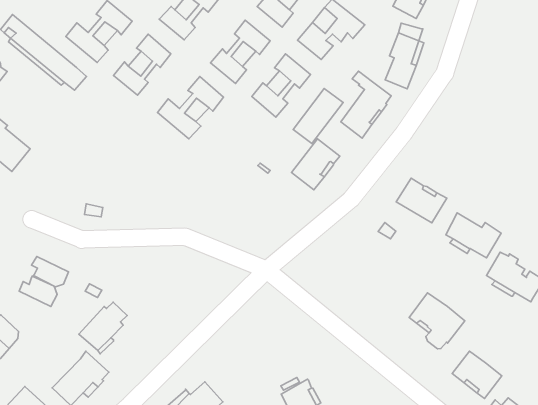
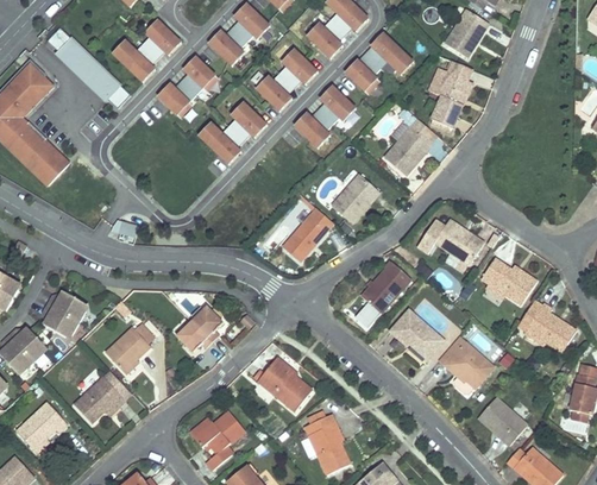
building: [293,88,343,144] -> [281,207,333,262]
building: none -> [360,262,410,314]
building: [32,256,69,287] -> [40,304,77,336]
building: none -> [389,309,442,358]
building: none -> [175,306,221,351]
building: none -> [257,357,310,410]

